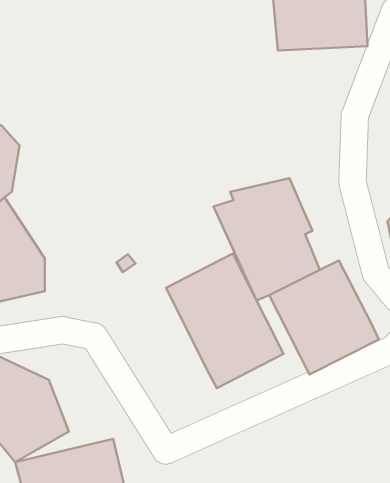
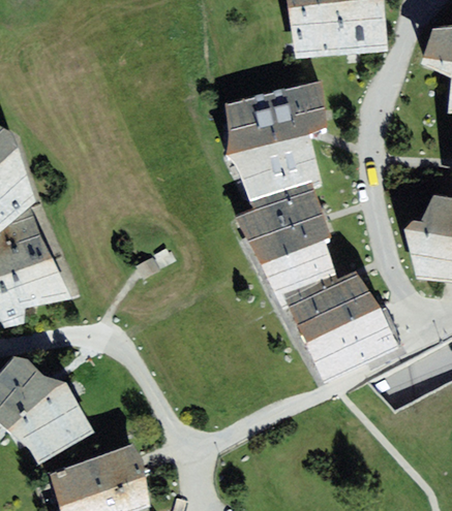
building: none -> [227,84,328,200]
building: [166,253,284,388] -> none

